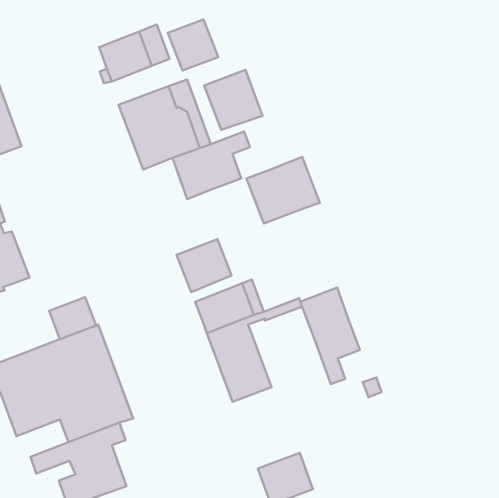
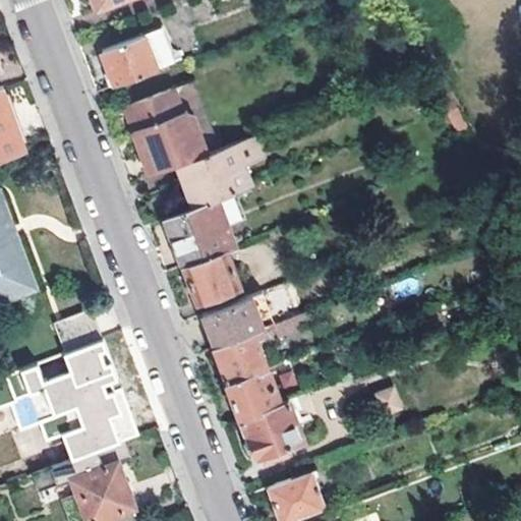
building: [168,19,218,71] -> none
building: [204,70,263,130] -> none
building: [246,157,320,224] -> [165,198,241,268]
building: [300,288,360,384] -> none
building: none -> [241,405,296,467]

